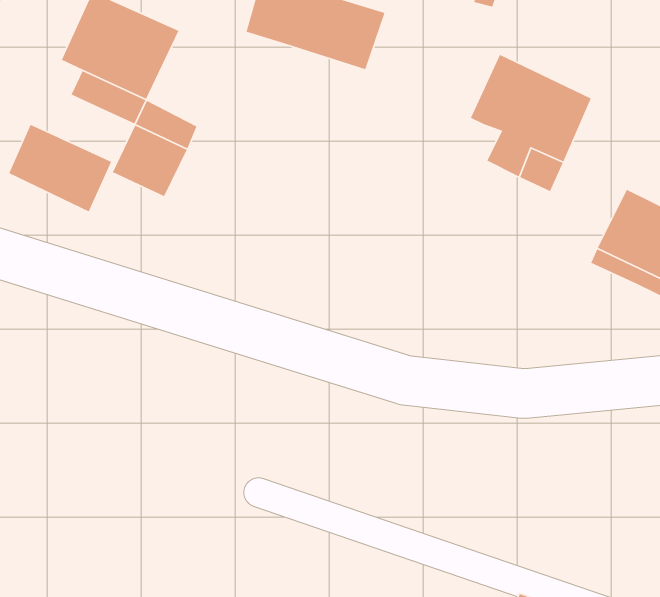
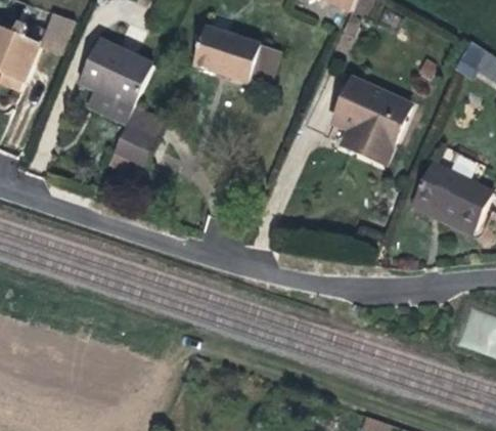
building: [8,124,112,212] -> none

